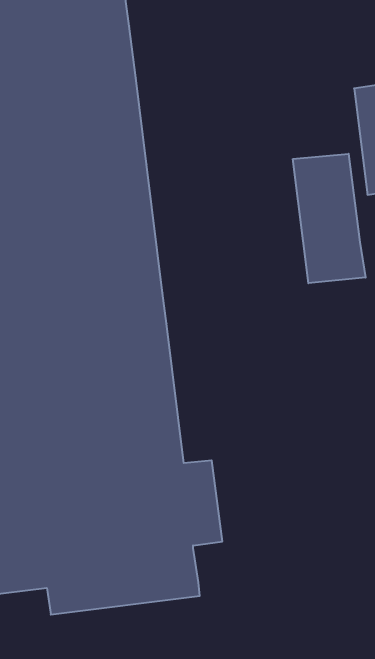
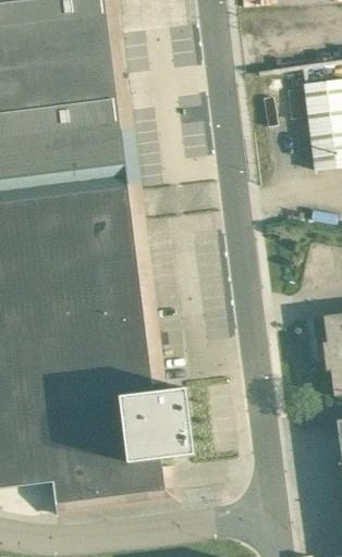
building: [293,154,366,283] -> none

